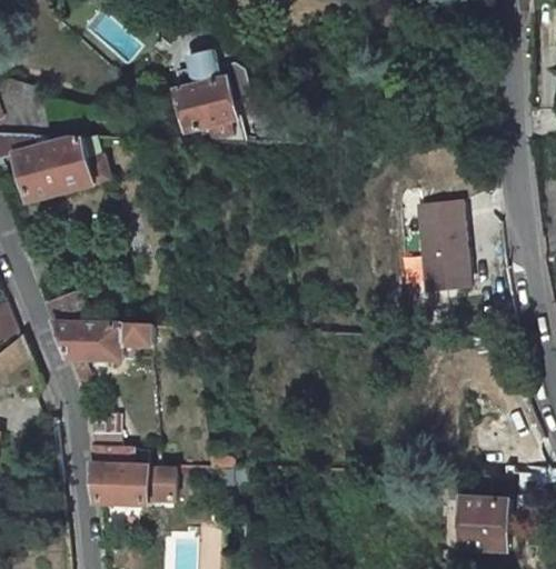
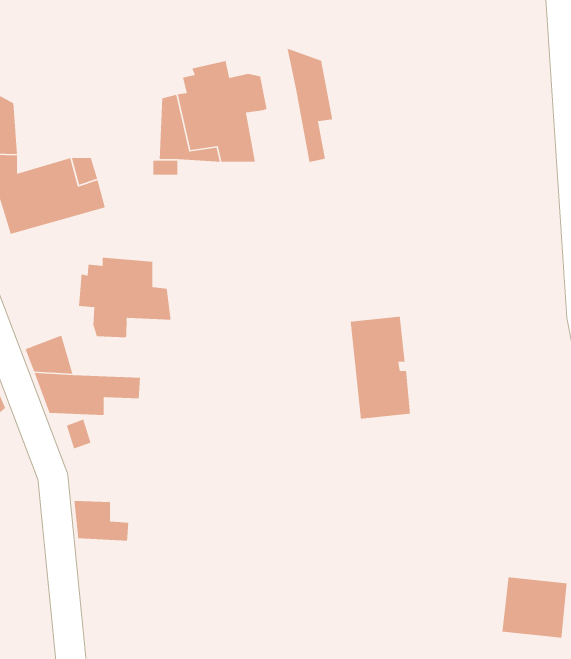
building: none -> [287,48,333,163]
building: [416,200,468,289] -> [350,316,411,419]
building: none -> [78,257,172,338]
building: [90,465,175,501] -> none

